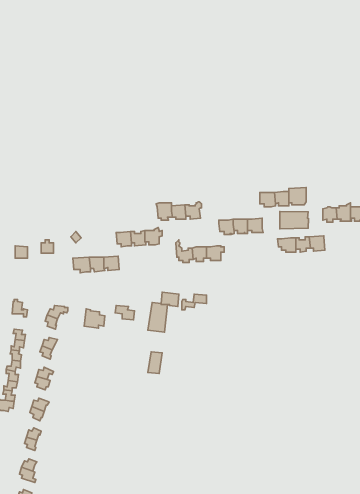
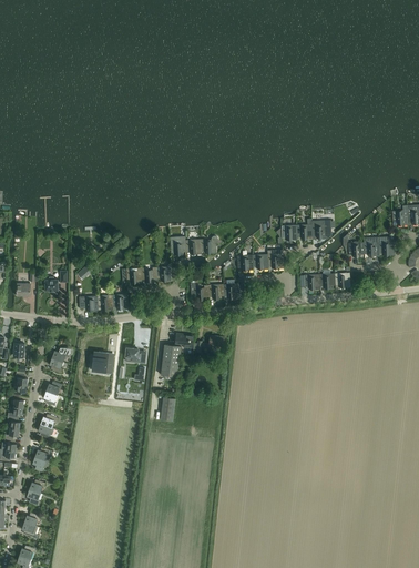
building: [280,211,308,229] -> none

